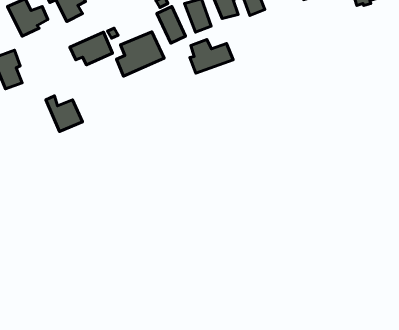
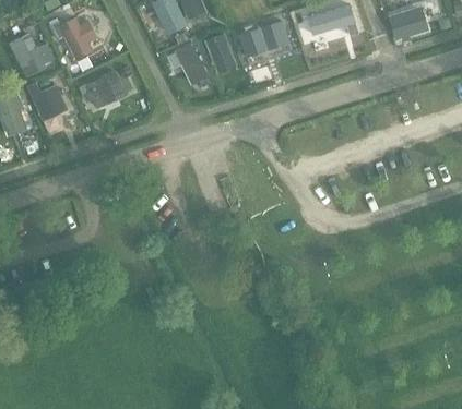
building: [117,32,164,76] -> none
building: [190,40,233,73] -> none
building: [46,96,82,132] -> [27,81,68,120]

